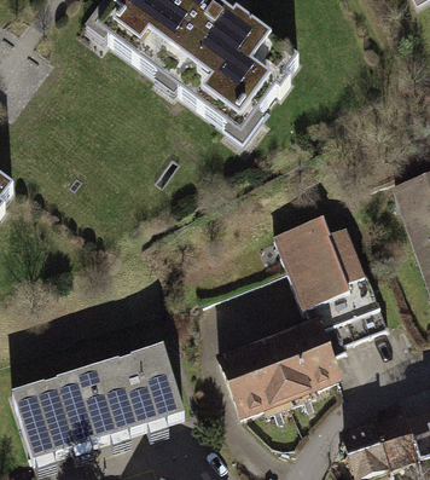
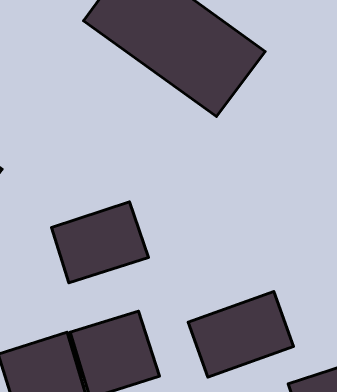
building: [283,220,370,342] -> none
building: none -> [52,202,148,283]

